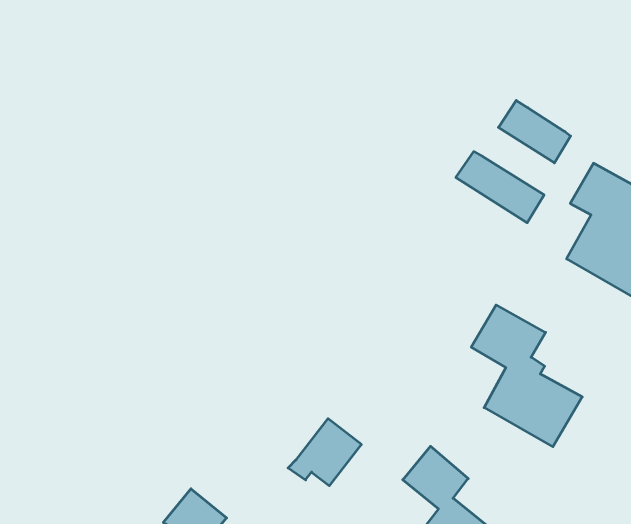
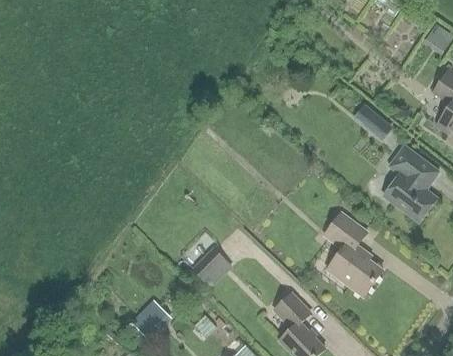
building: [456,152,544,223] -> none
building: [288,419,361,486] -> [188,247,231,285]

